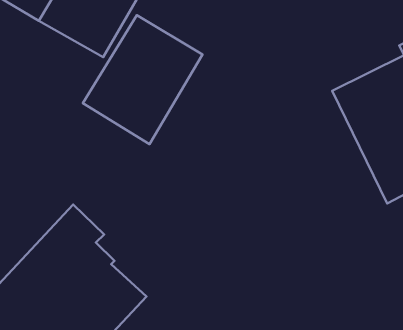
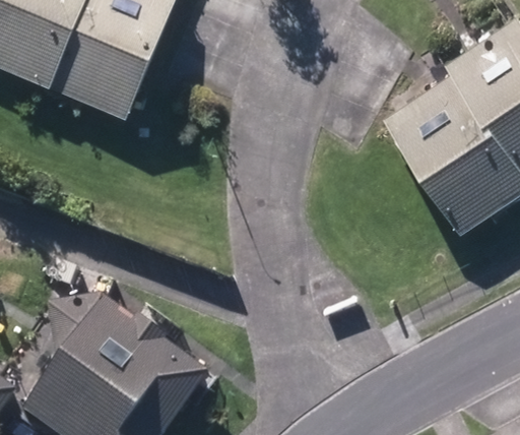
building: [83,15,203,144] -> none

